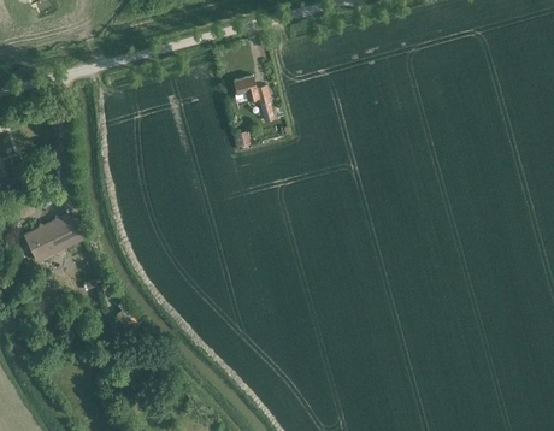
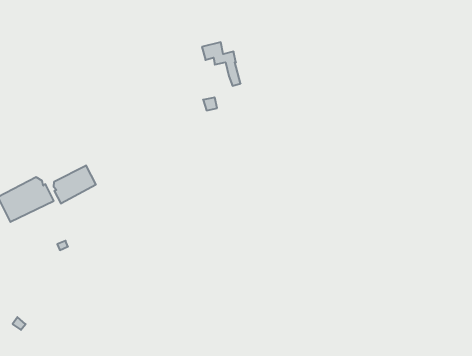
building: none -> [54,165,96,204]

